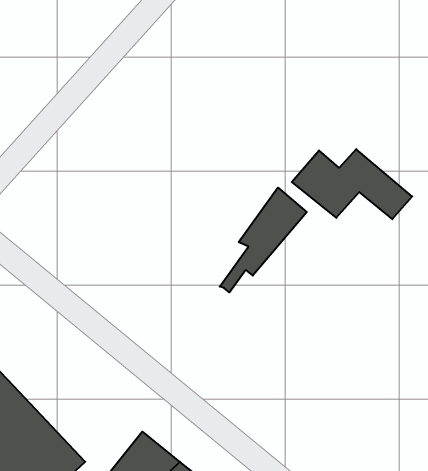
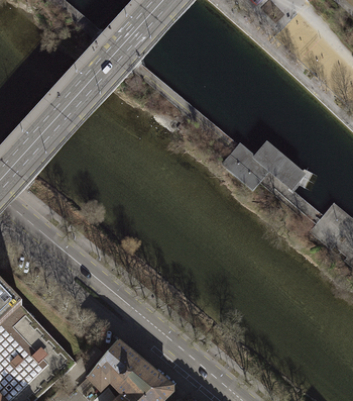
building: [220,188,307,292] -> none

